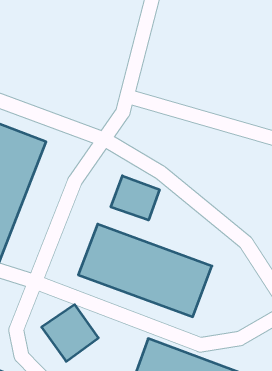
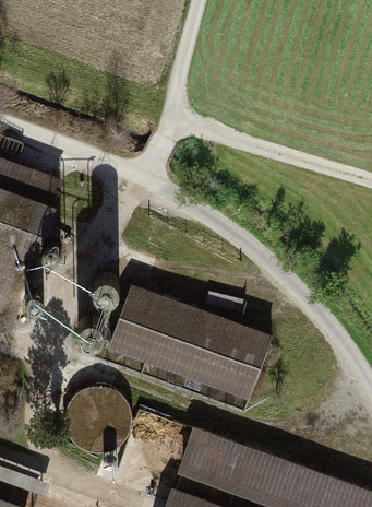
building: [111,176,159,220] -> none

